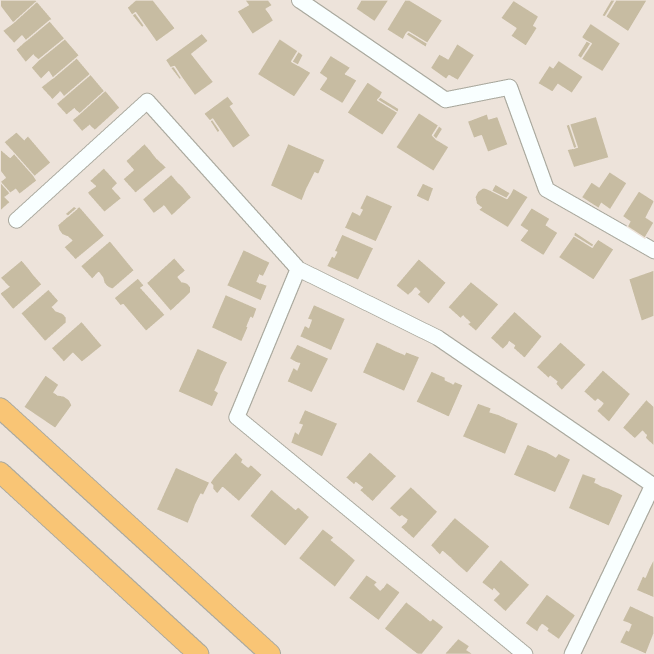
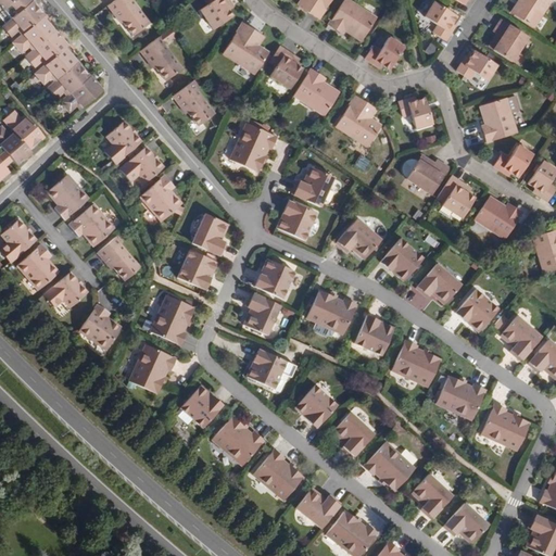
building: [87,168,122,213] -> none
building: [146,258,191,311] -> [140,176,178,222]
building: [23,375,72,428] -> [78,304,119,350]
building: [156,467,210,523] -> [130,344,176,392]

